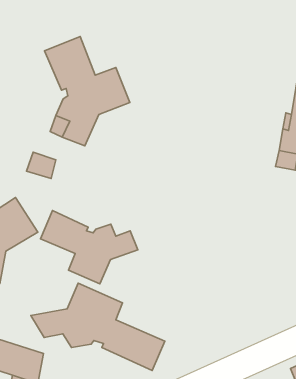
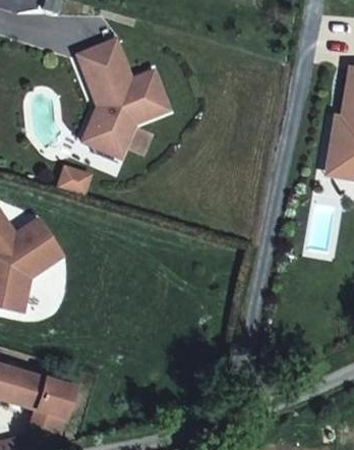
building: [40,211,138,284] -> none
building: [31,283,165,370] -> none

